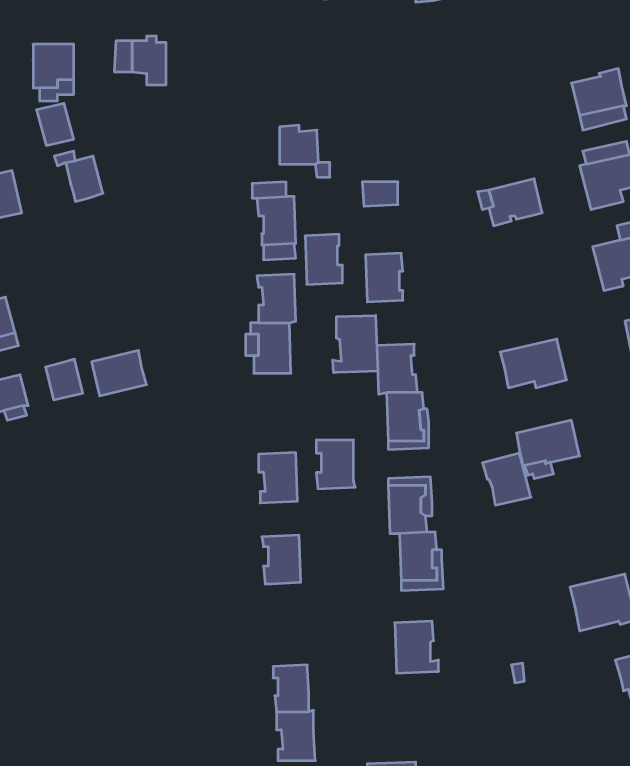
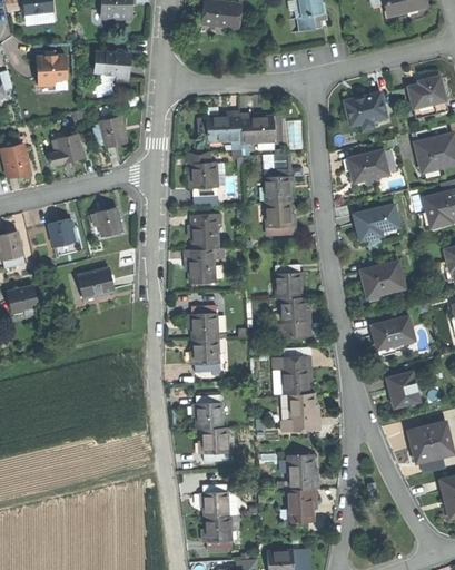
building: none -> [345,91,386,125]
building: [36,103,74,145] -> [100,119,126,148]
building: none -> [248,116,275,141]
building: [305,234,342,284] -> [265,168,290,203]
building: none -> [353,205,399,242]
building: none -> [96,208,121,237]
building: [333,315,378,373] -> none
building: [45,359,83,400] -> [51,218,77,246]
building: [316,440,355,489] -> [191,306,218,340]
building: [482,453,531,505] -> [385,372,418,407]
building: none -> [201,428,228,462]
building: none -> [286,489,314,523]

